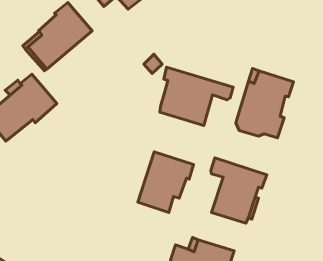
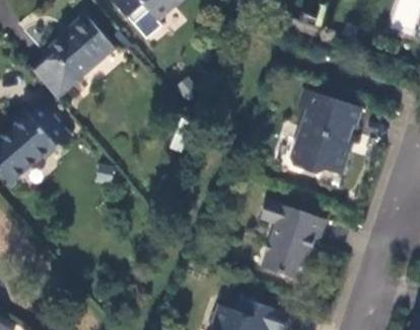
building: [160,67,233,125] -> none
building: [138,152,193,212] -> none

